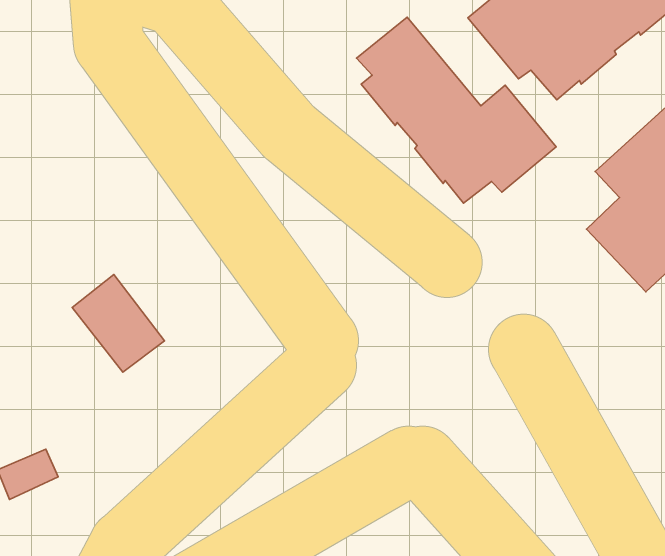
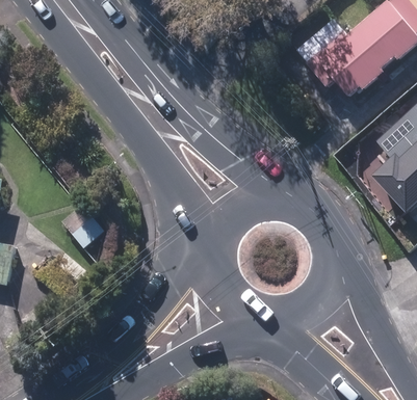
building: [356,17,556,203] -> none

